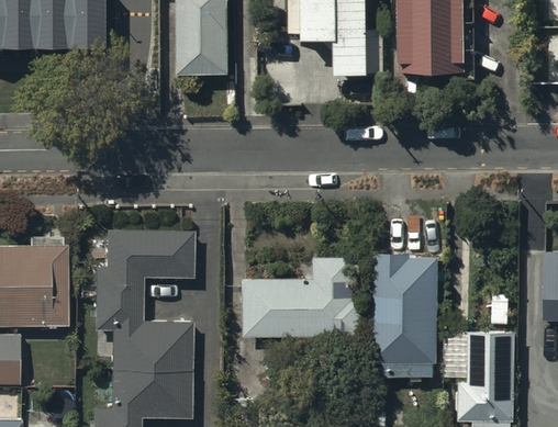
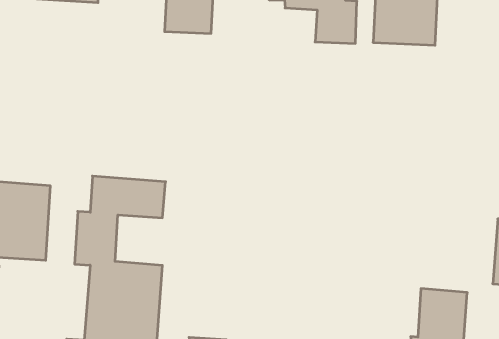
building: [370,254,438,377] -> none
building: [242,258,360,338] -> none

